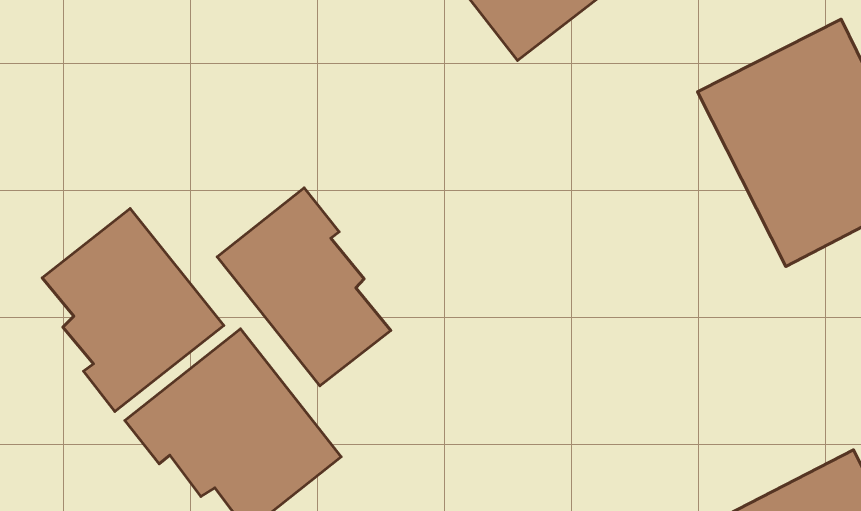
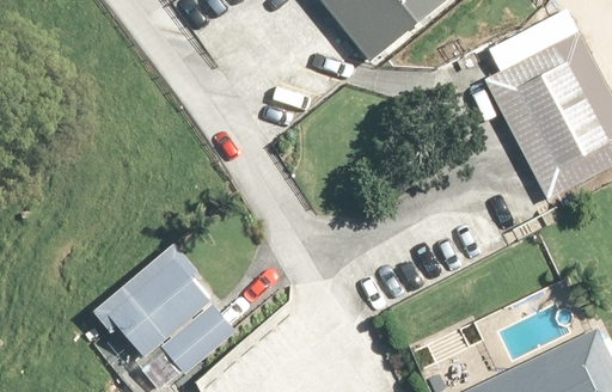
building: [217,188,391,386] -> none
building: [42,208,224,411] -> none

